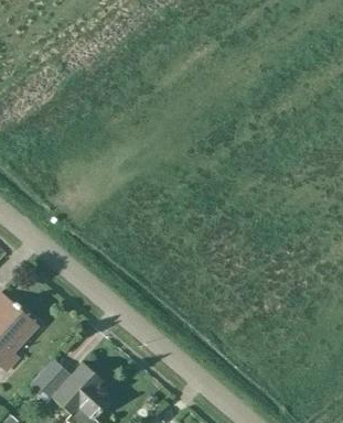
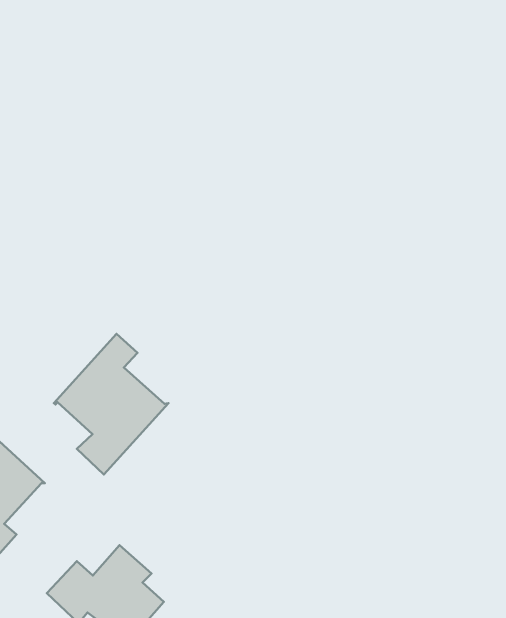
building: none -> [54,334,168,475]

